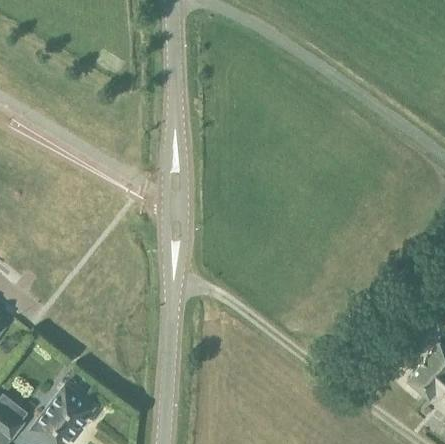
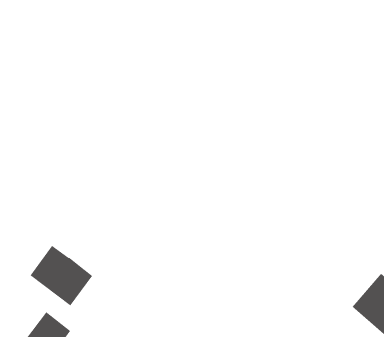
building: none -> [29,245,93,307]

